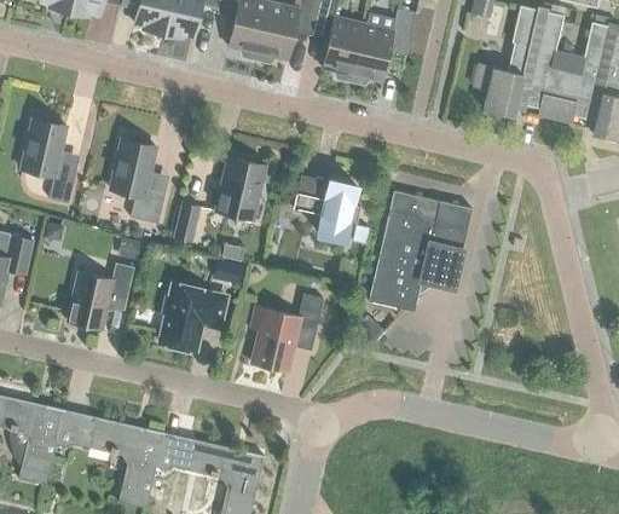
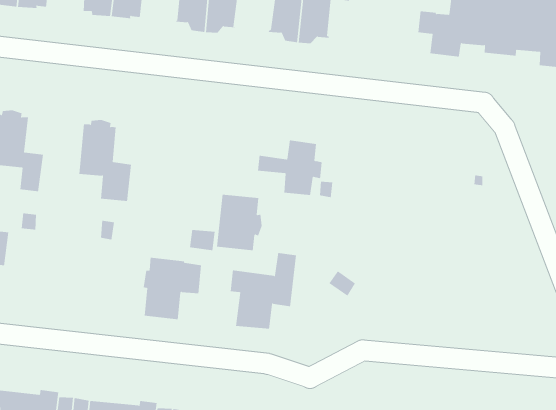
building: [215,157,265,219] -> [216,194,262,251]
building: [368,190,472,312] -> none
building: [173,201,201,242] -> none
building: [66,264,133,329] -> none

